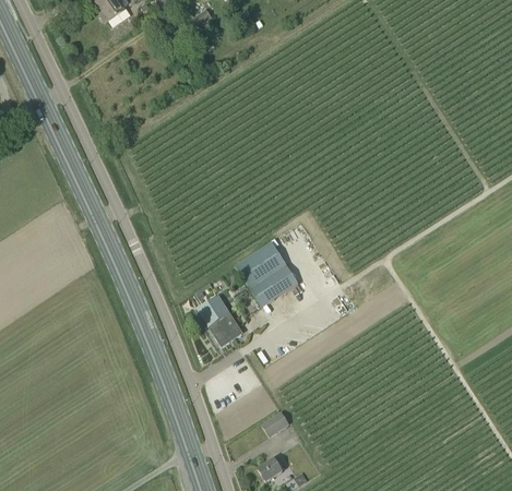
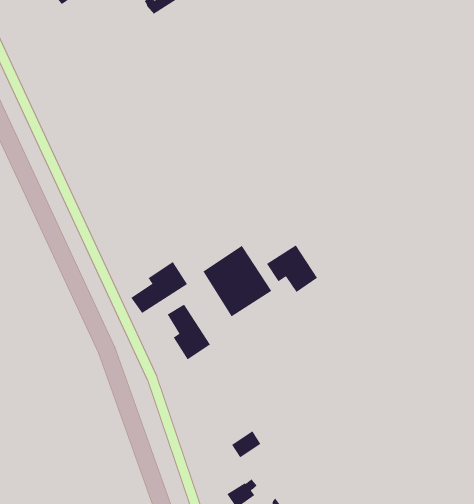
building: none -> [266,244,318,293]
building: none -> [130,261,188,314]

